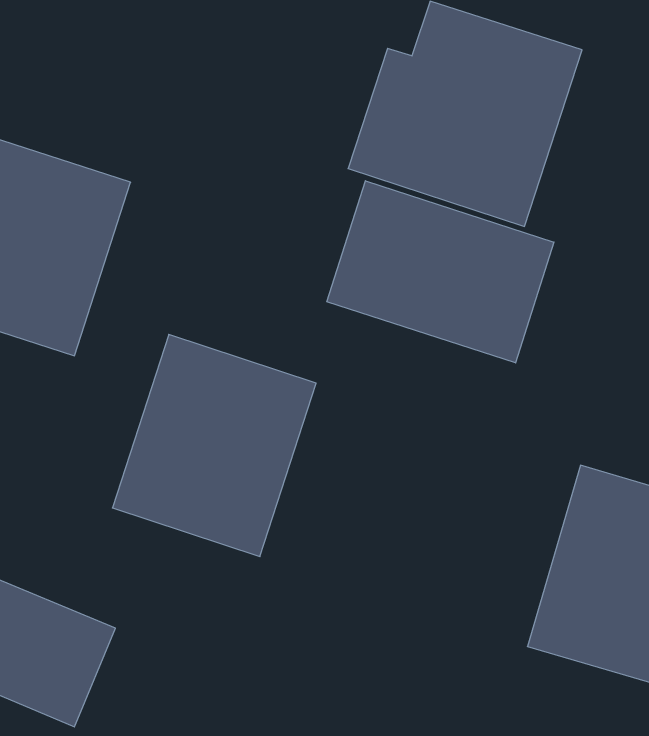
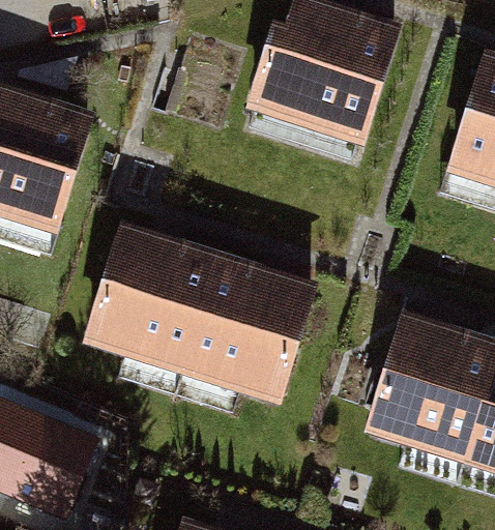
building: [327,181,554,363] -> none
building: none -> [183,263,319,413]

